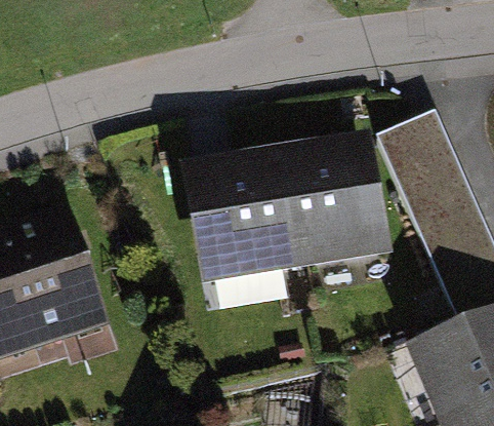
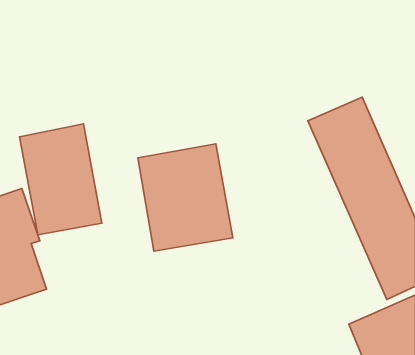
building: none -> [19,124,102,235]
building: [278,150,380,267] -> none

